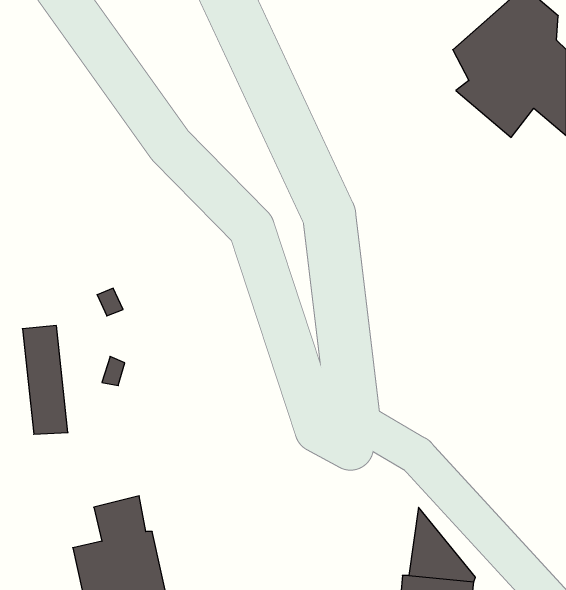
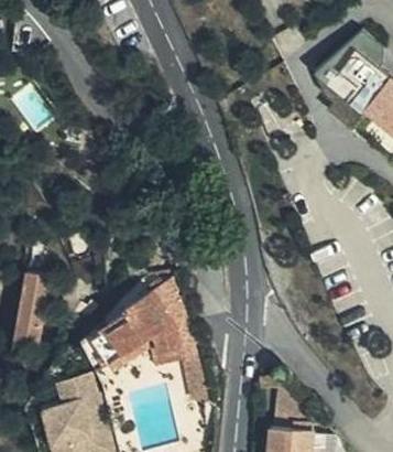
building: none -> [94,287,214,401]

